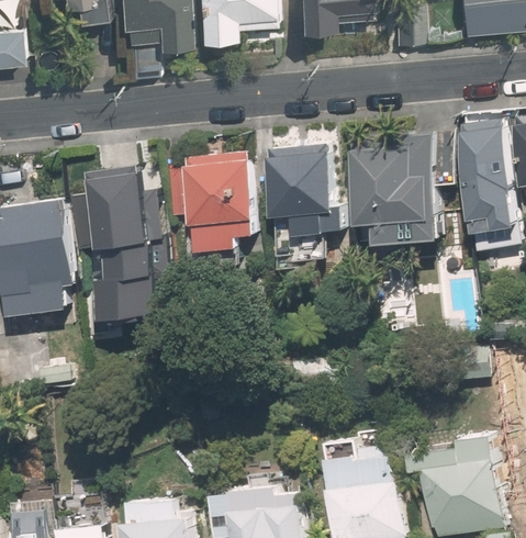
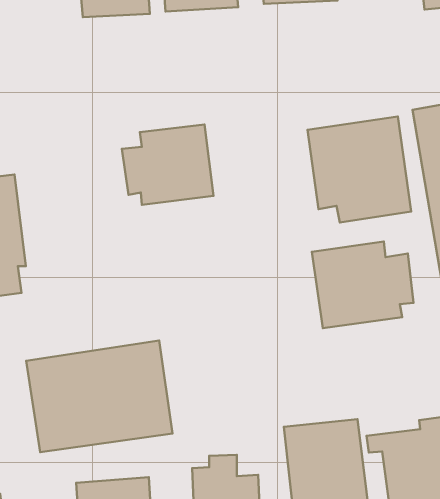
building: [260,147,344,236] -> none
building: [87,165,167,326] -> none
building: none -> [312,241,414,328]
building: none -> [26,340,172,452]

